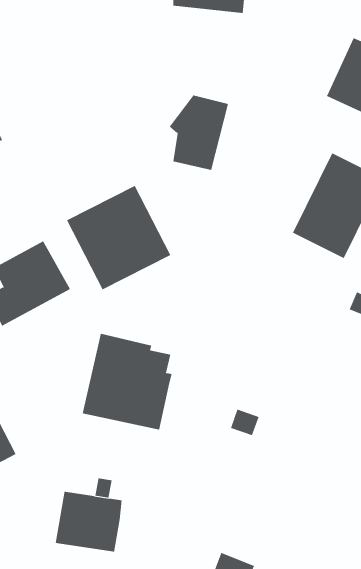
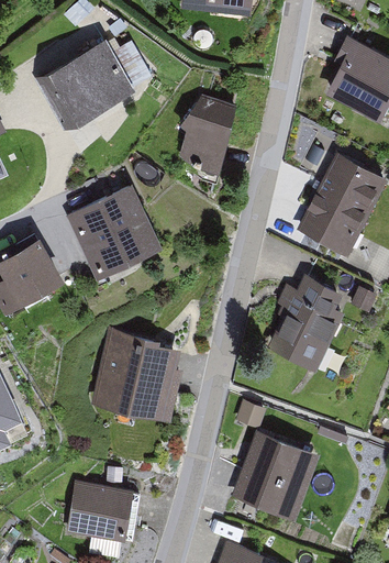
building: none -> [35,38,147,139]
building: none -> [266,274,345,366]
building: none -> [231,431,313,517]

